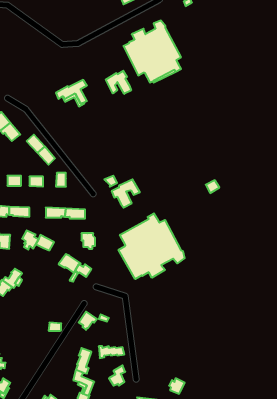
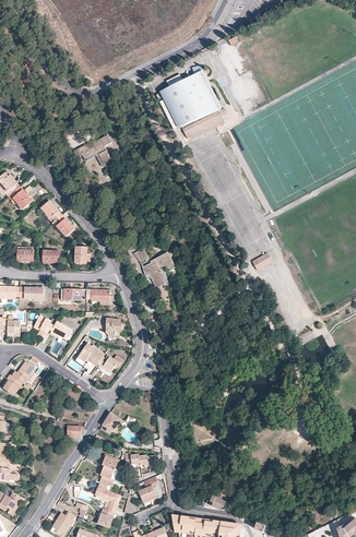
building: [106,71,131,94] -> none
building: [119,213,185,279] -> none

